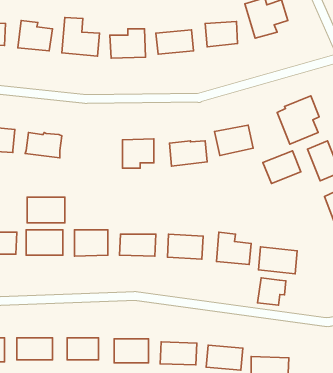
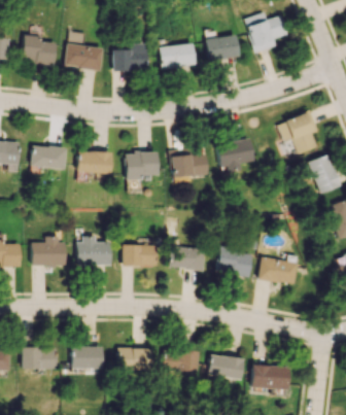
building: none -> [76,150,111,173]
building: [263,151,301,184] -> none
building: [27,197,65,223] -> none
building: [257,278,286,305] -> none

